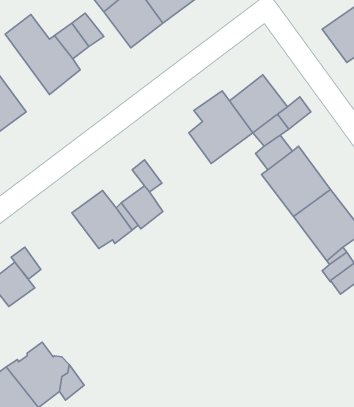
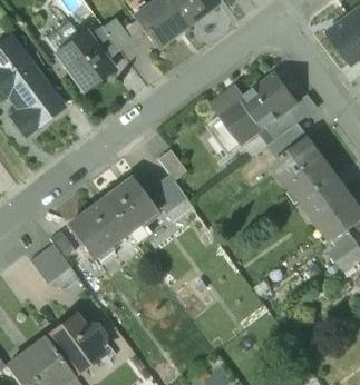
building: none -> [67,198,127,257]

